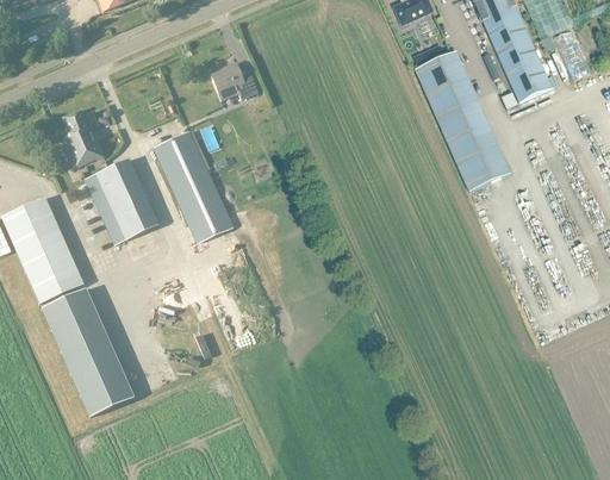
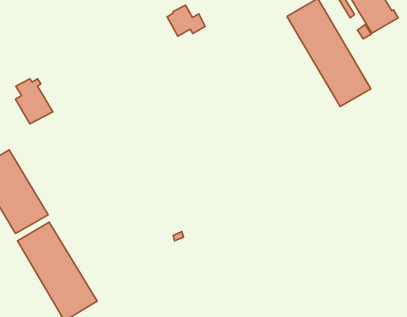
building: [211,62,257,100] -> [167,5,205,36]
building: [154,131,232,243] -> none
building: [83,158,157,244] -> none

